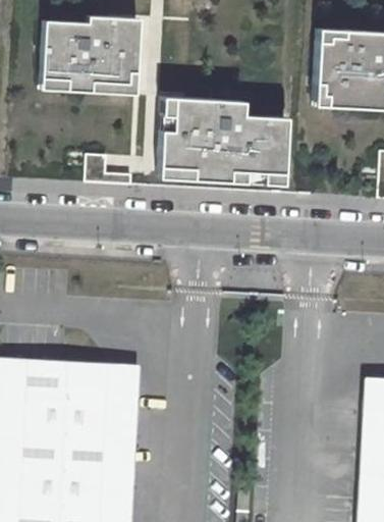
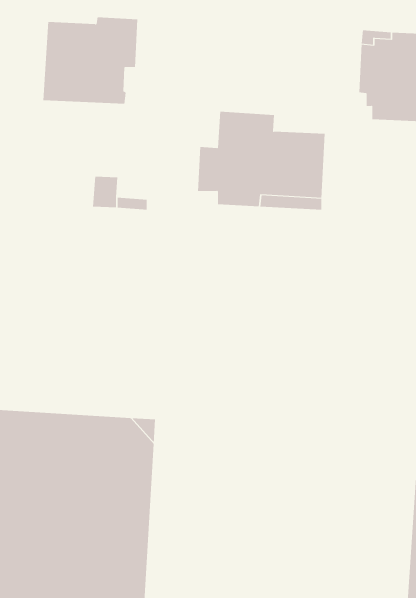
building: [112,19,140,95] -> none
building: [158,98,195,179] -> none

